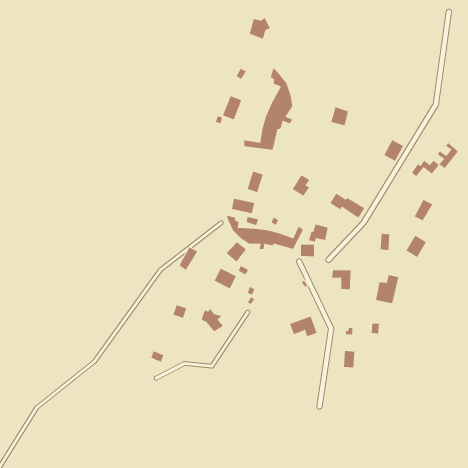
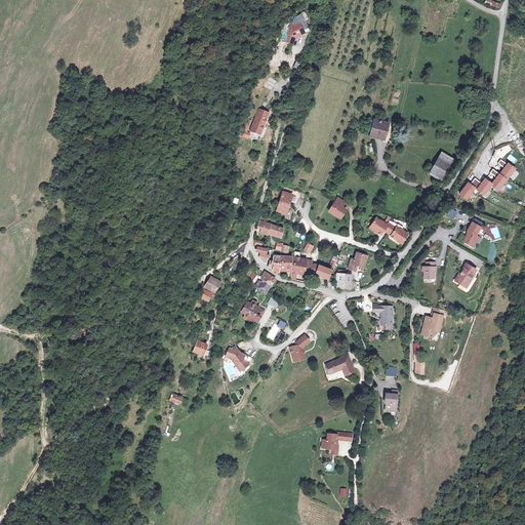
building: [243,67,293,151] -> none
building: none -> [286,333,310,362]
building: none -> [320,432,351,455]

